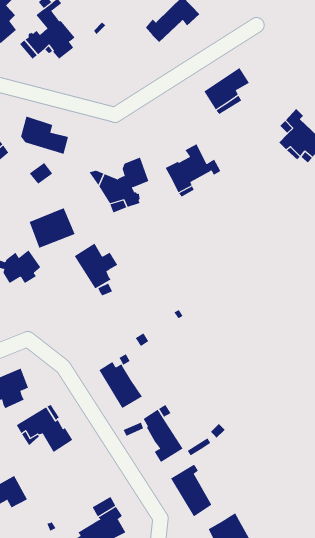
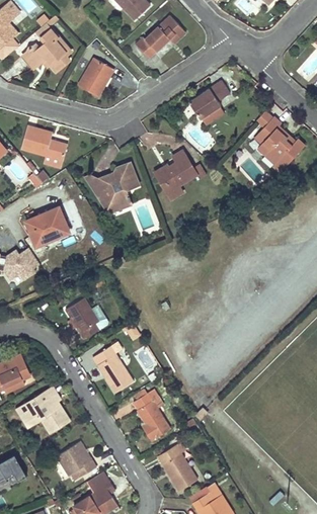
building: none -> [77,58,112,96]
building: [74,243,118,289] -> [64,297,104,340]
building: none -> [55,441,96,479]

